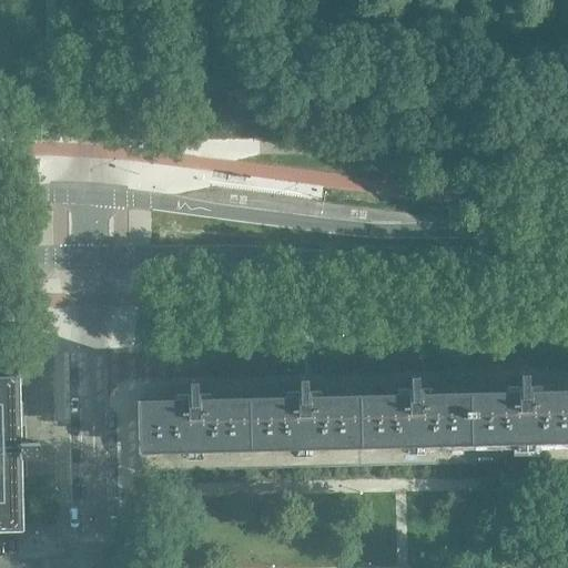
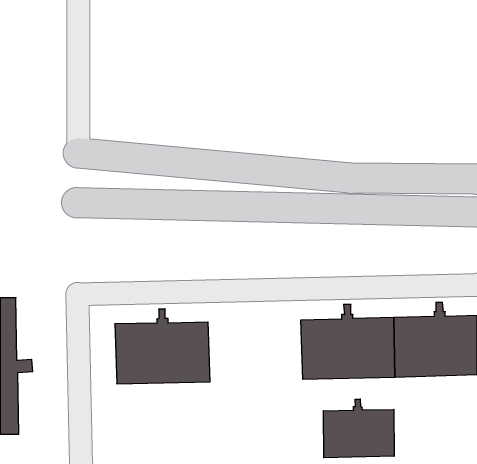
building: [247,364,359,454] -> none
building: none -> [323,399,394,458]

